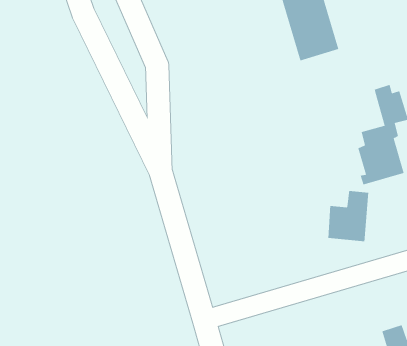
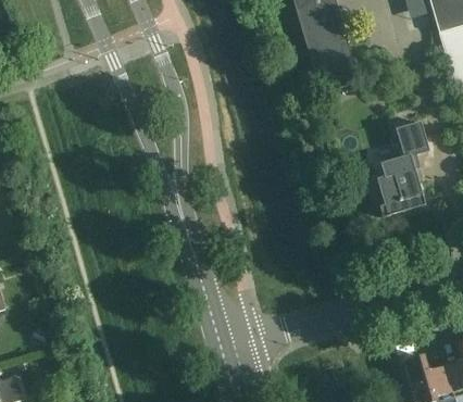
building: [328,190,369,242] -> none

